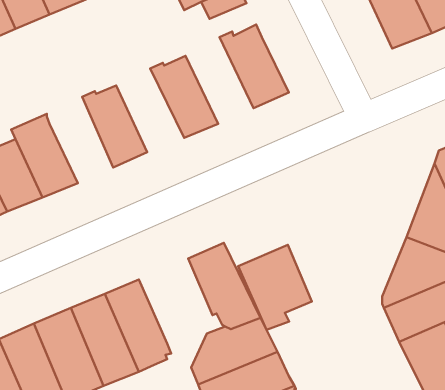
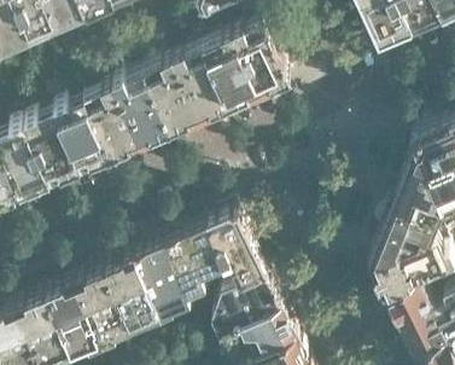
building: none -> [202,36,259,110]
building: none -> [142,63,200,134]
building: none -> [83,87,140,161]
building: [238,245,312,330] -> [162,225,224,297]

